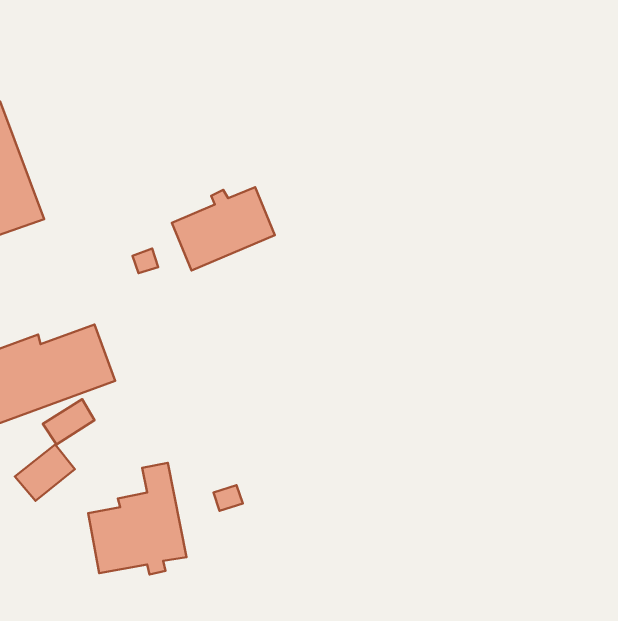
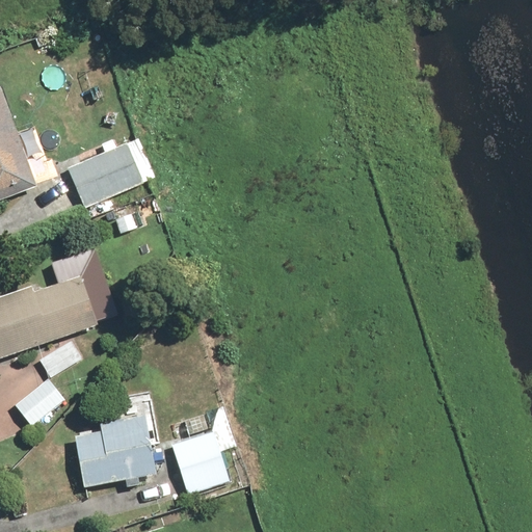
building: [172,187,275,271] -> [66,136,154,207]
building: none -> [170,430,229,494]

